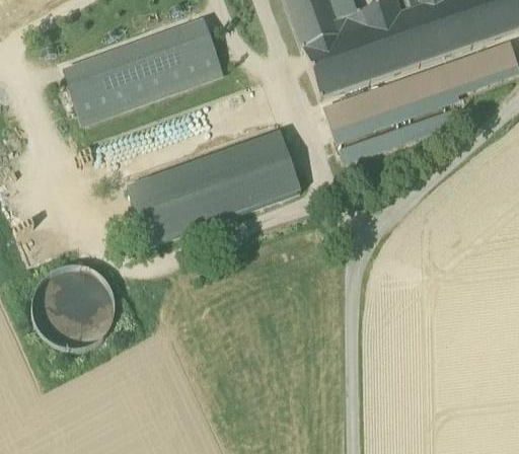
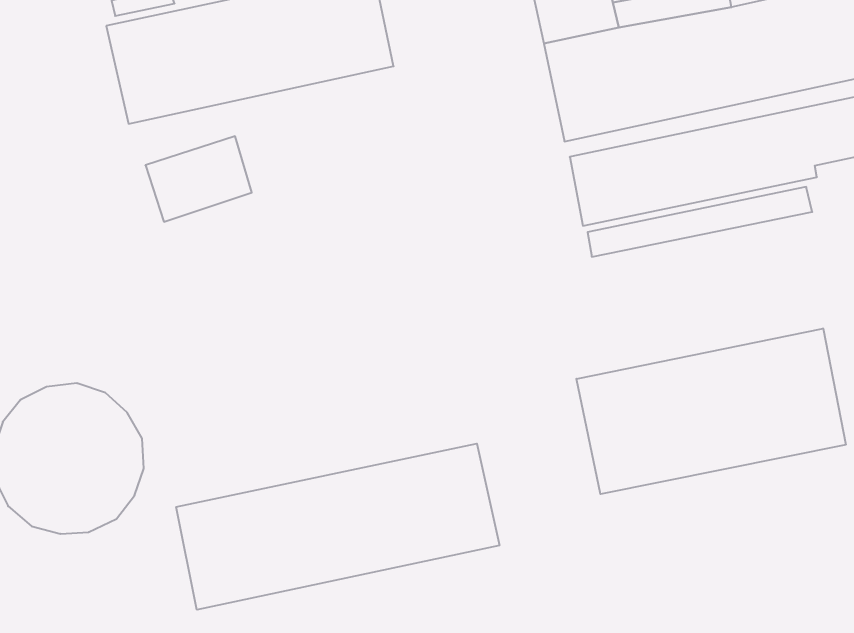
building: [127,132,300,243] -> none
building: none -> [576,328,846,494]
building: none -> [176,444,499,610]

